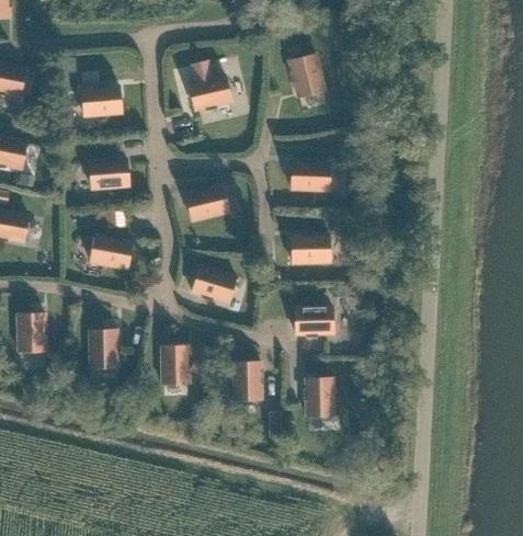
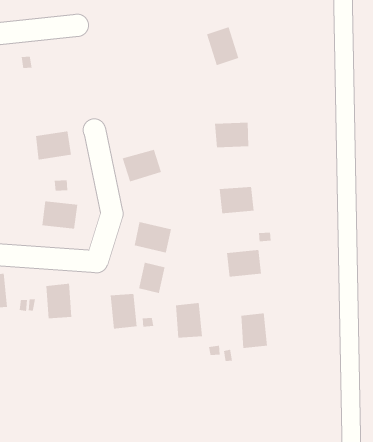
building: [189,60,231,110] -> none
building: [82,85,122,116] -> none
building: none -> [138,262,165,294]

